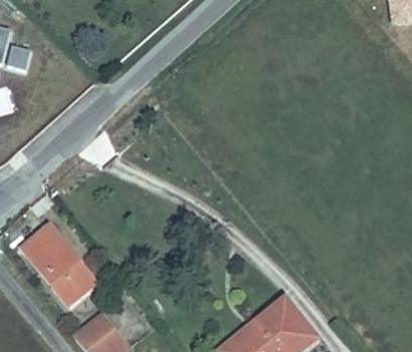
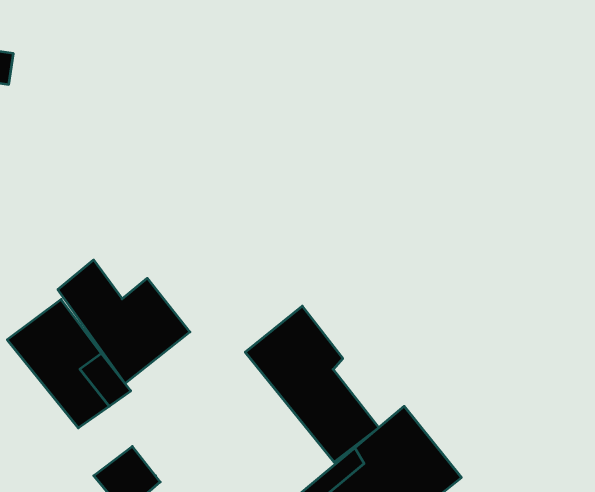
building: none -> [58,260,190,383]
building: none -> [245,306,379,462]

